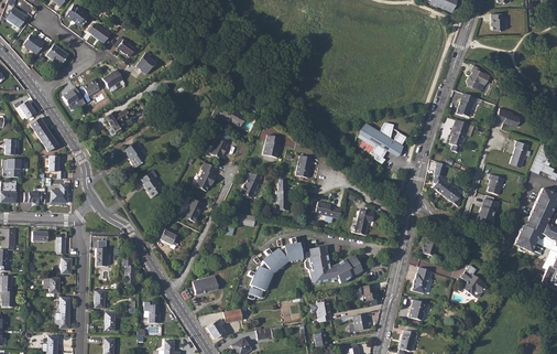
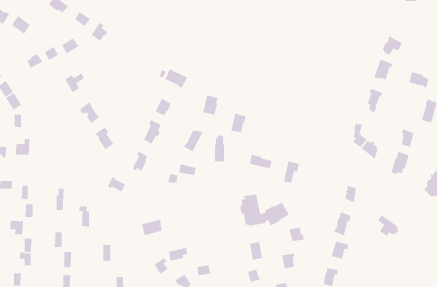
building: [360,122,407,161] -> none
building: [249,237,305,299] -> none

